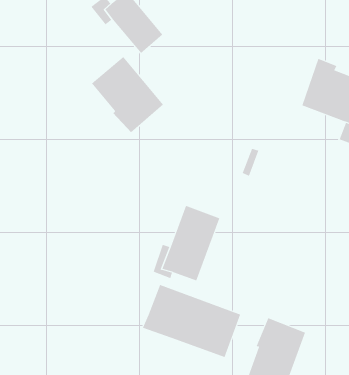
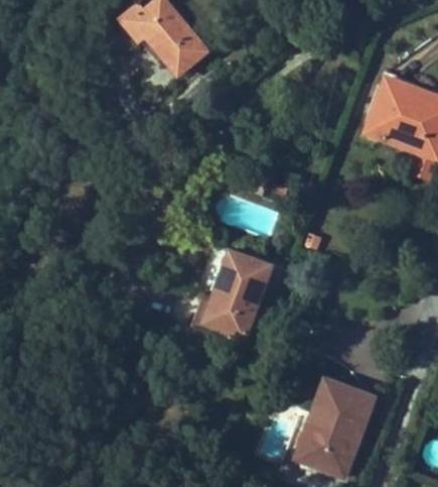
building: [91,56,164,133] -> none
building: [142,284,241,358] -> none

